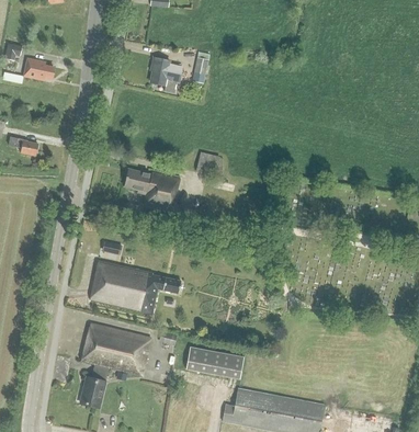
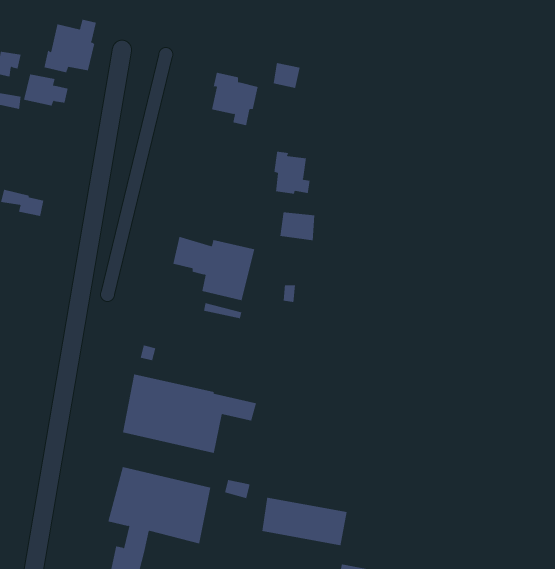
building: none -> [44,19,97,73]
building: none -> [274,151,310,194]

